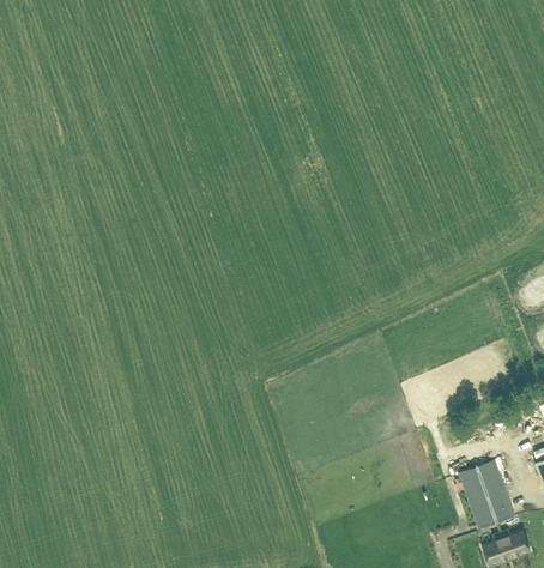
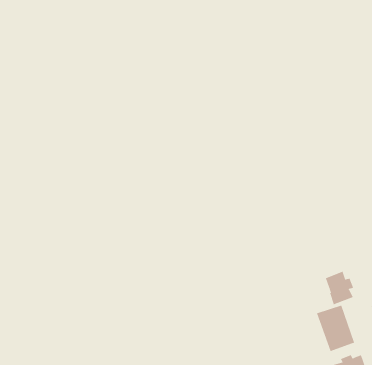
building: none -> [325,271,354,305]

